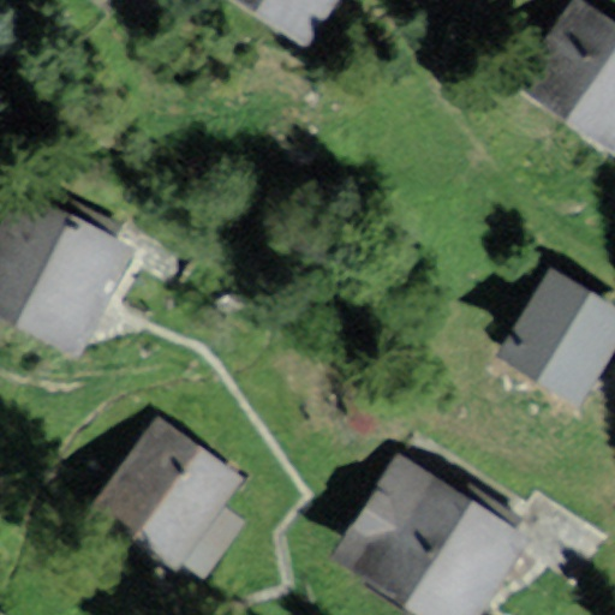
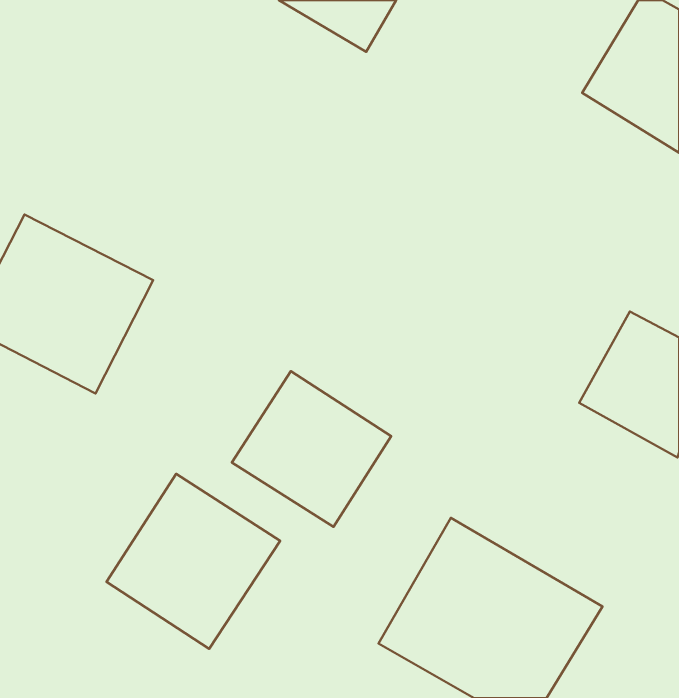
building: none -> [232,371,391,527]

